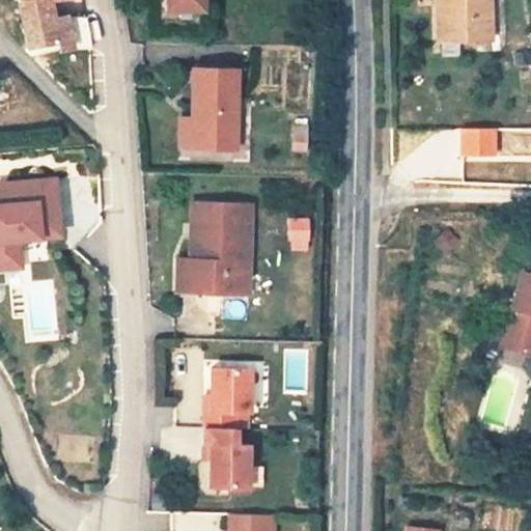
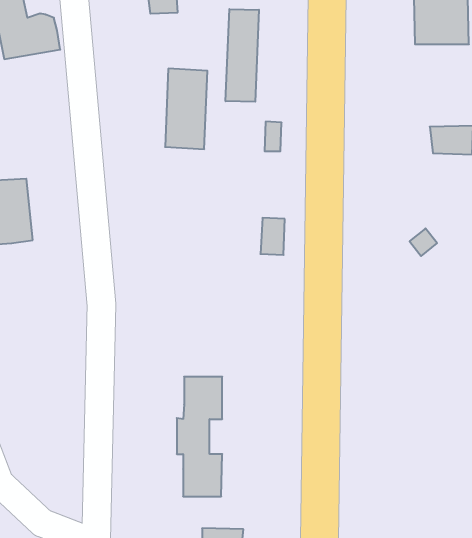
building: none -> [226,9,259,102]
building: [181,203,253,292] -> none

